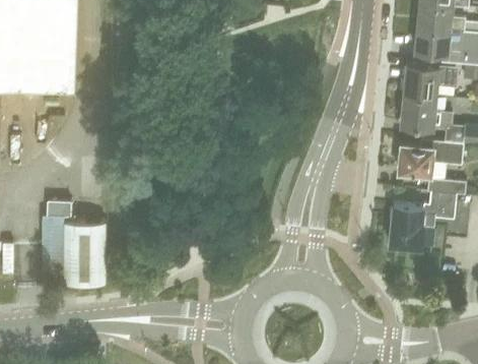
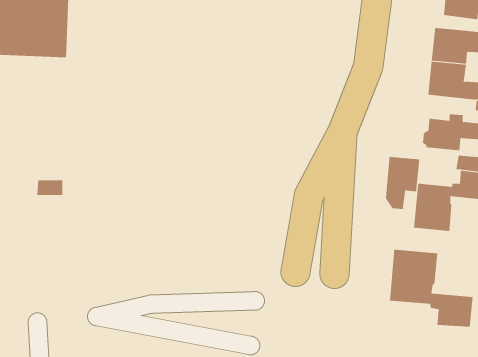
building: none -> [386,156,420,210]
building: [42,223,104,284] -> none
building: none -> [390,249,473,328]

